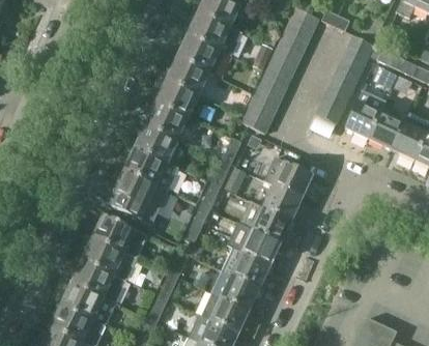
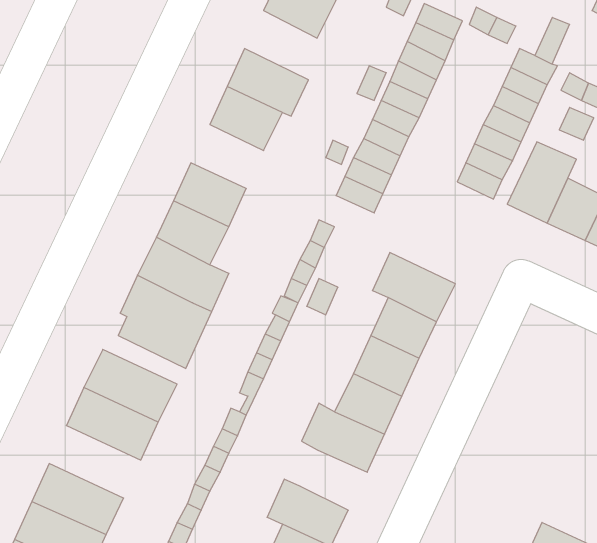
building: [188,10,242,54] -> none
building: [155,79,199,117] -> none
building: [70,259,125,302] -> none
building: [211,268,261,310] -> none

